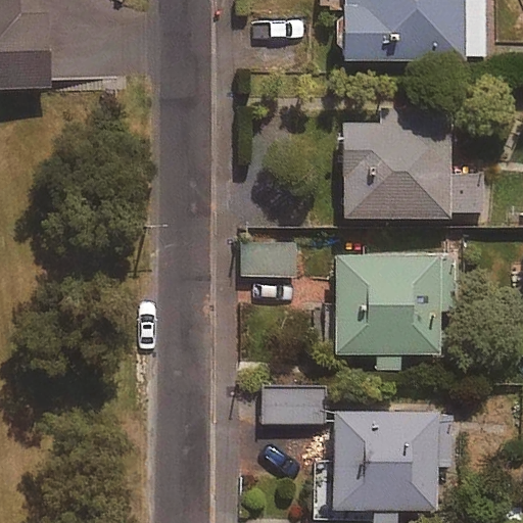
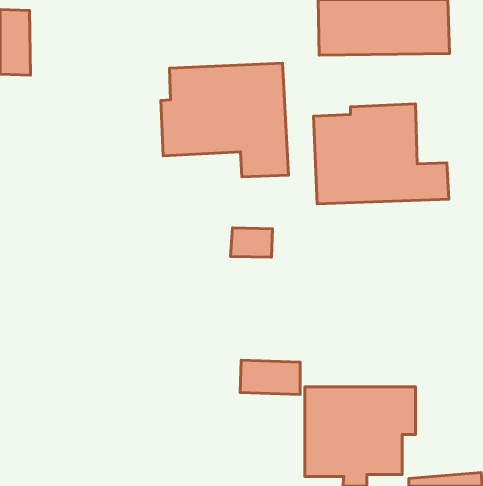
building: none -> [161,63,289,177]
building: [334,251,456,370] -> none

